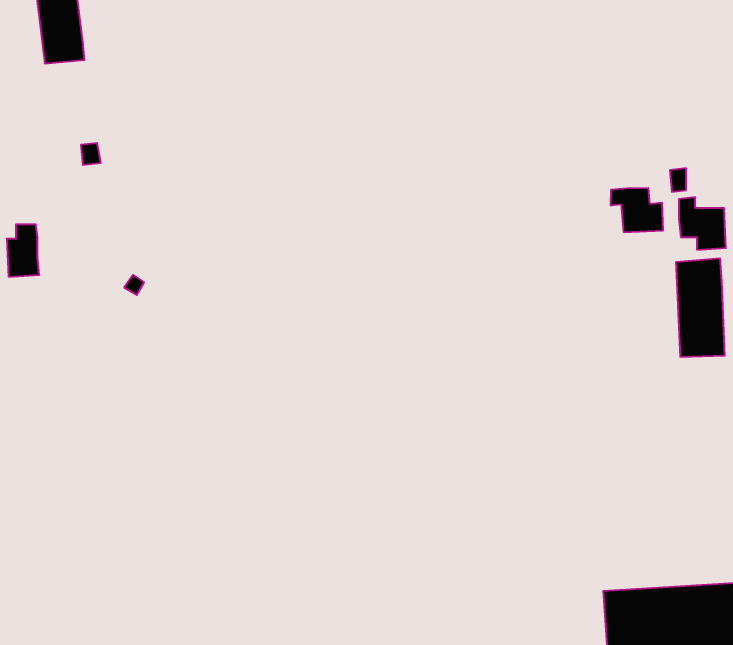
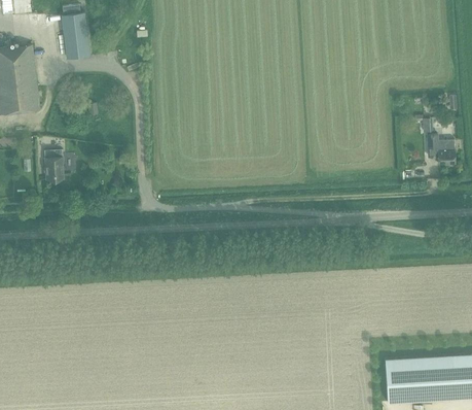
building: [611,188,663,232] -> none
building: [676,258,725,357] -> none

